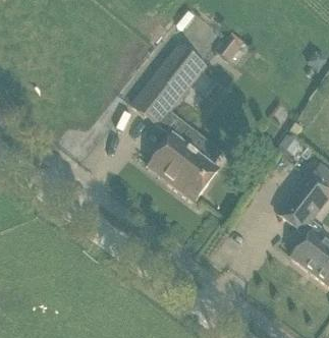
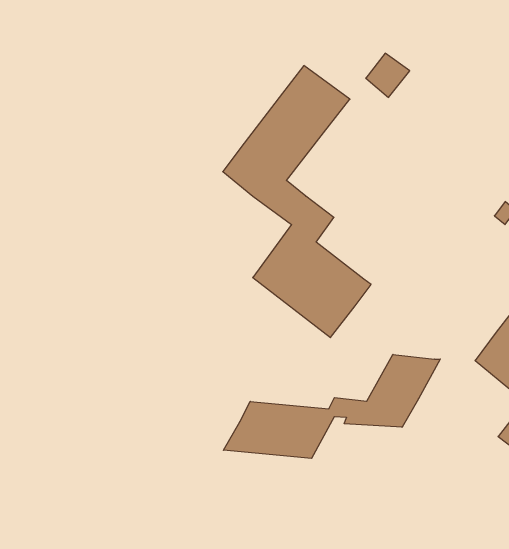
building: none -> [223,354,440,458]

